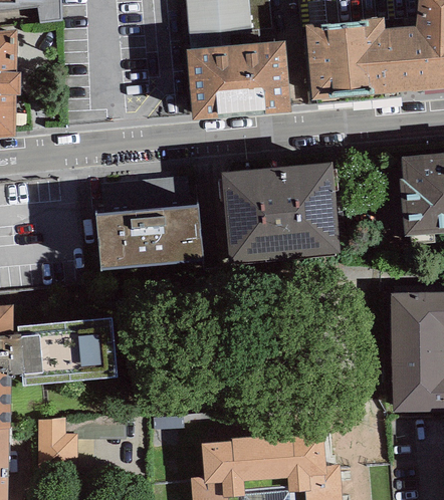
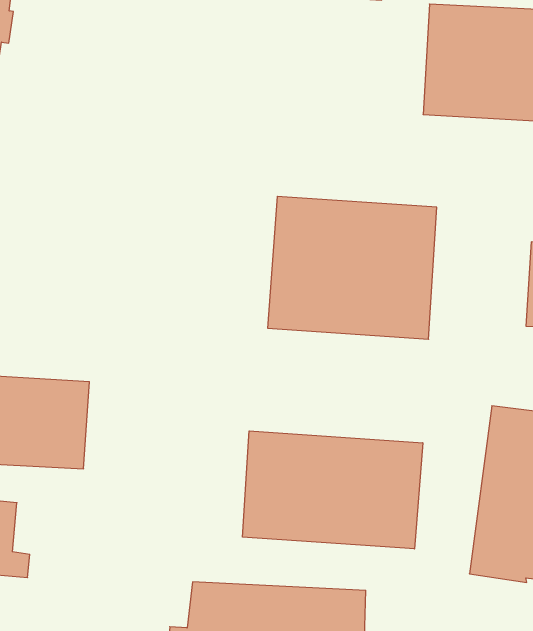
building: [187,41,291,120] -> none
building: [95,177,204,270] -> none
building: none -> [243,431,423,549]

